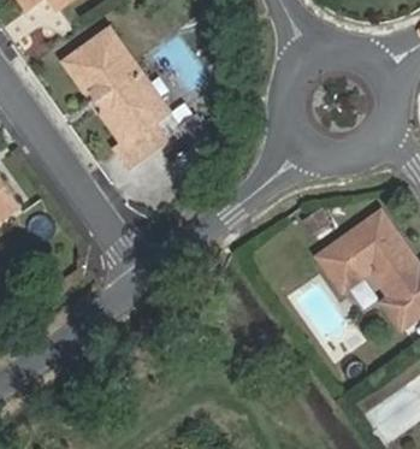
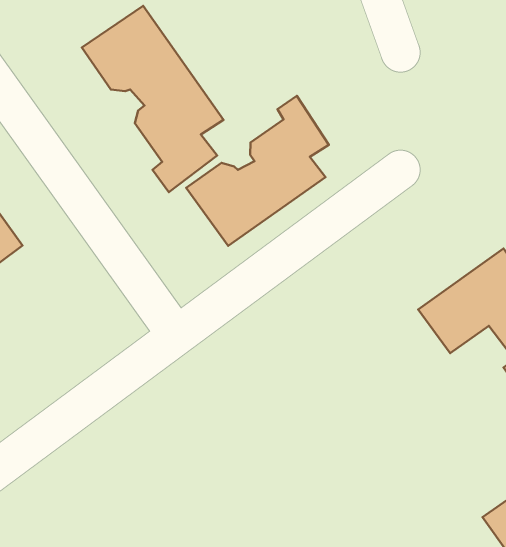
building: none -> [186,96,329,246]

